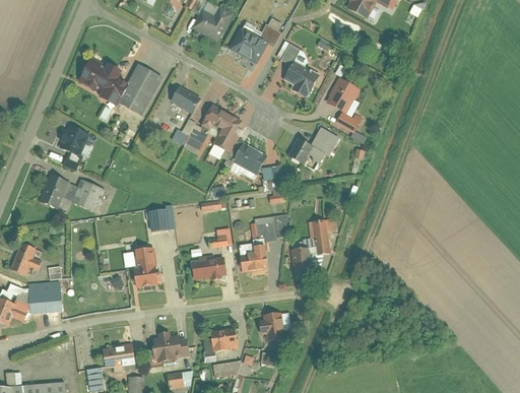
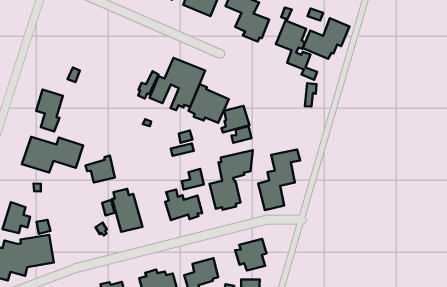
building: [78,58,166,117] -> none
building: [167,85,198,114] -> none
building: [287,125,340,169] -> [303,18,349,59]
building: [145,204,176,232] -> [86,156,115,183]

